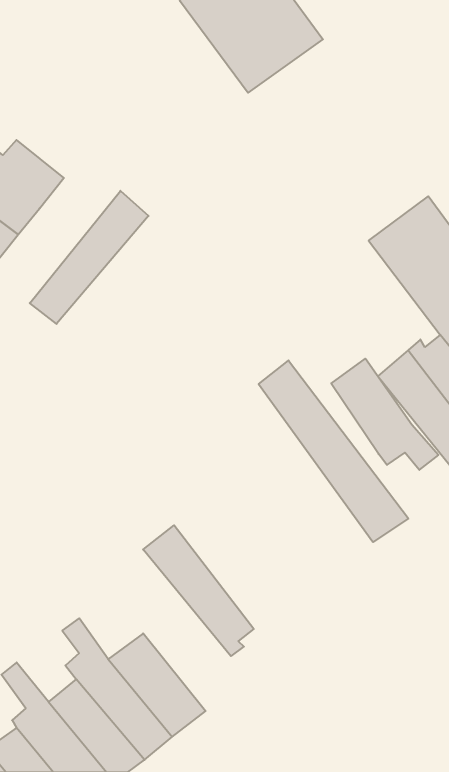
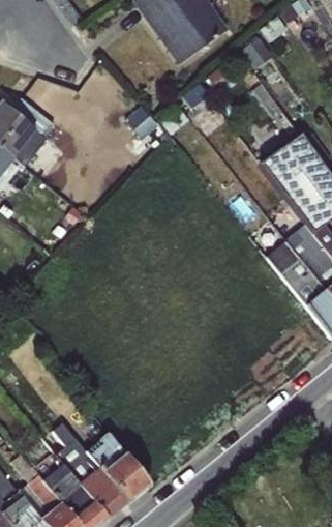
building: [30,191,149,324] -> none
building: [331,359,438,470] -> none
building: [259,360,408,542] -> none
building: [143,525,254,656] -> none

